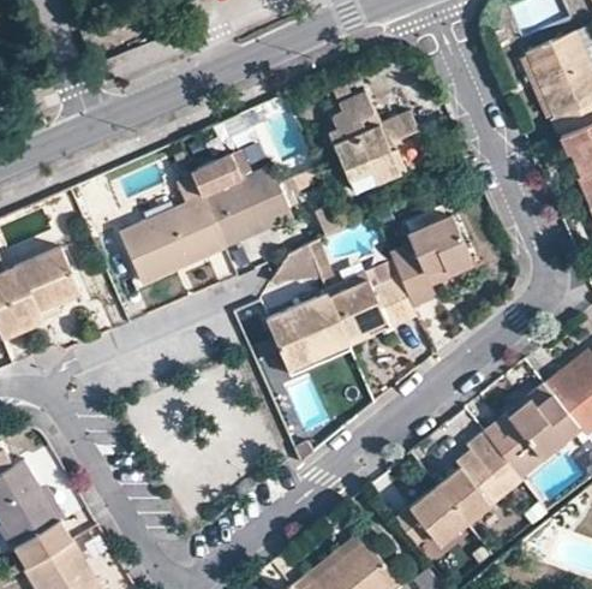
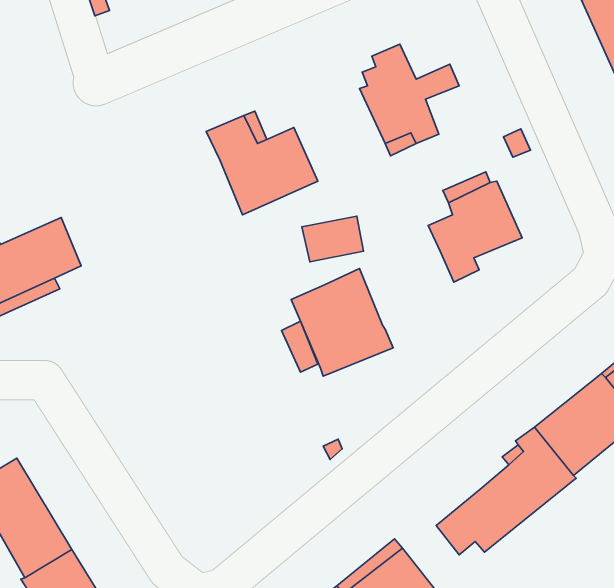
building: [119,195,223,280] -> none
building: [327,272,415,343] -> none

